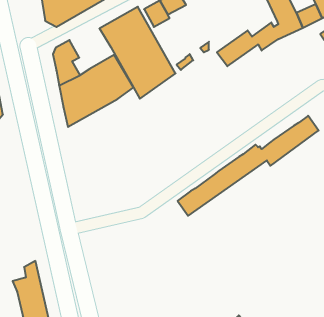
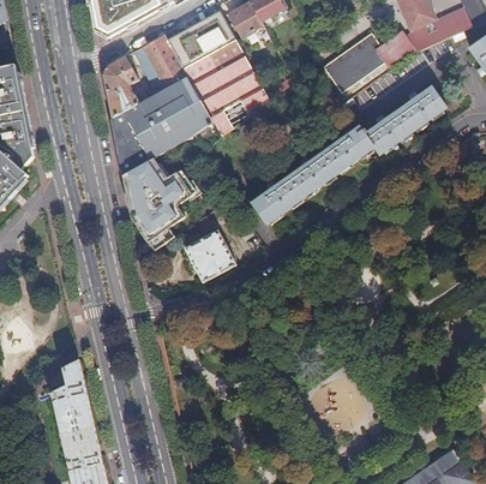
building: none -> [131,36,187,96]
building: none -> [122,159,196,251]
building: [178,116,319,216] -> [251,86,444,223]
building: none -> [184,231,234,282]

